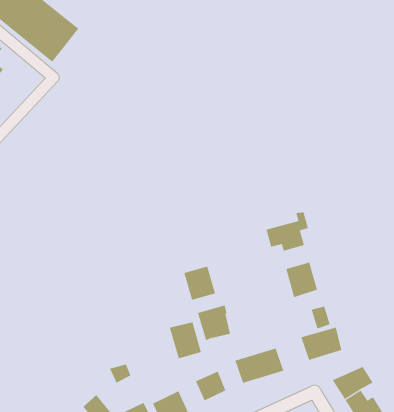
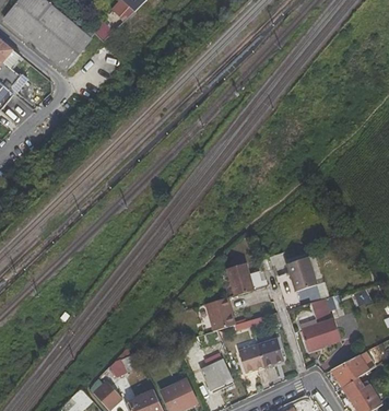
building: [266,212,308,251] -> none
building: [183,266,216,301] -> [223,263,254,296]
building: [169,322,202,359] -> none

